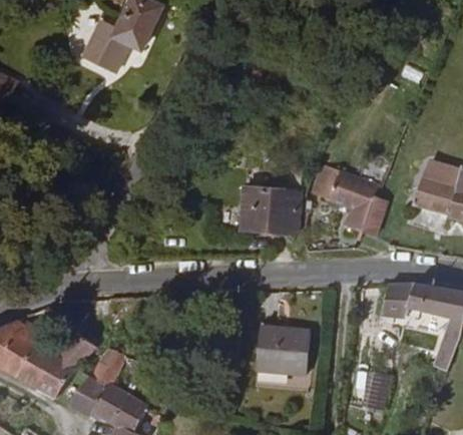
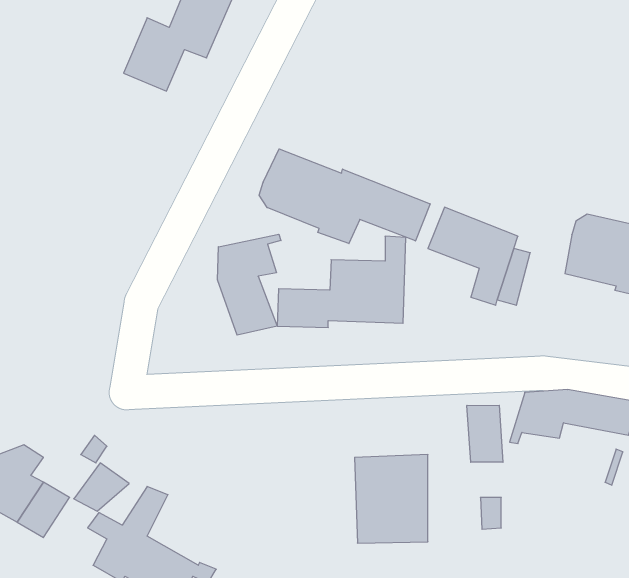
building: none -> [259,149,430,244]
building: none -> [218,234,281,335]
building: none -> [467,405,503,462]
building: [33,362,73,402] -> none

